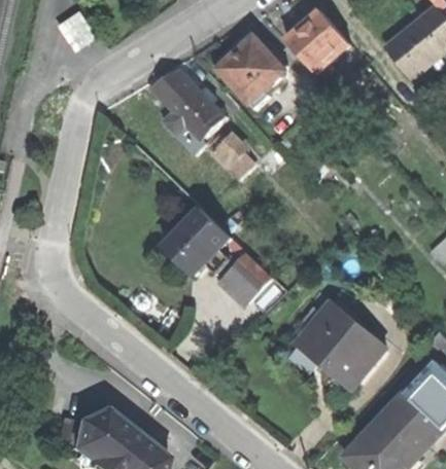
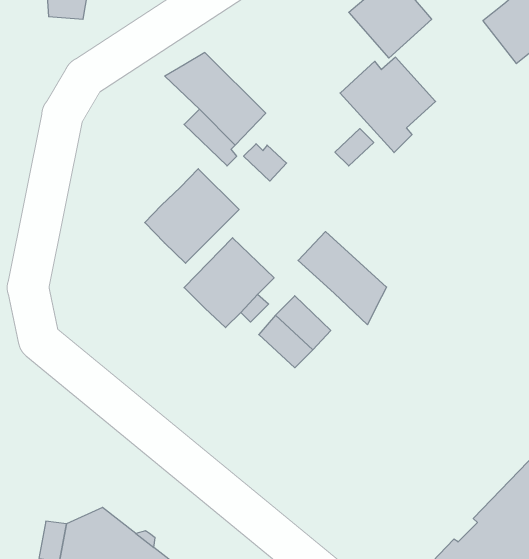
building: [214,36,285,107] -> [340,57,436,153]
building: none -> [145,169,239,263]
building: none -> [298,232,387,325]
building: [301,303,384,387] -> none

